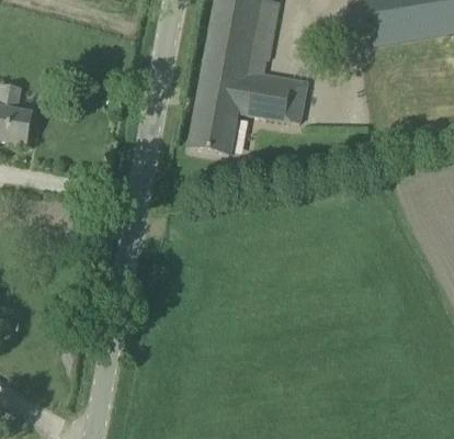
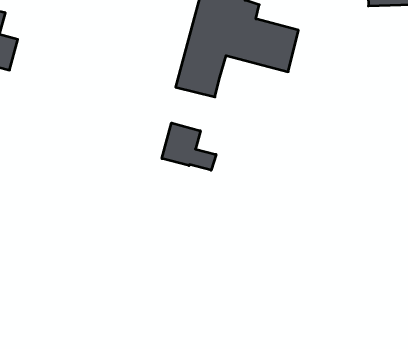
building: none -> [162,123,216,170]

